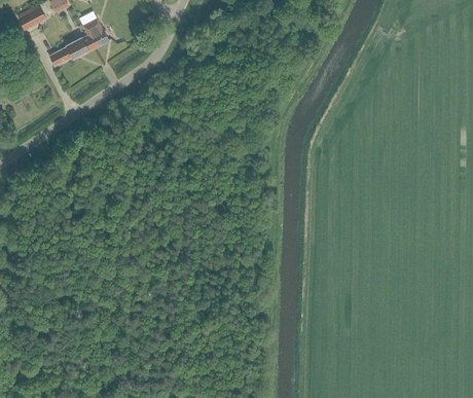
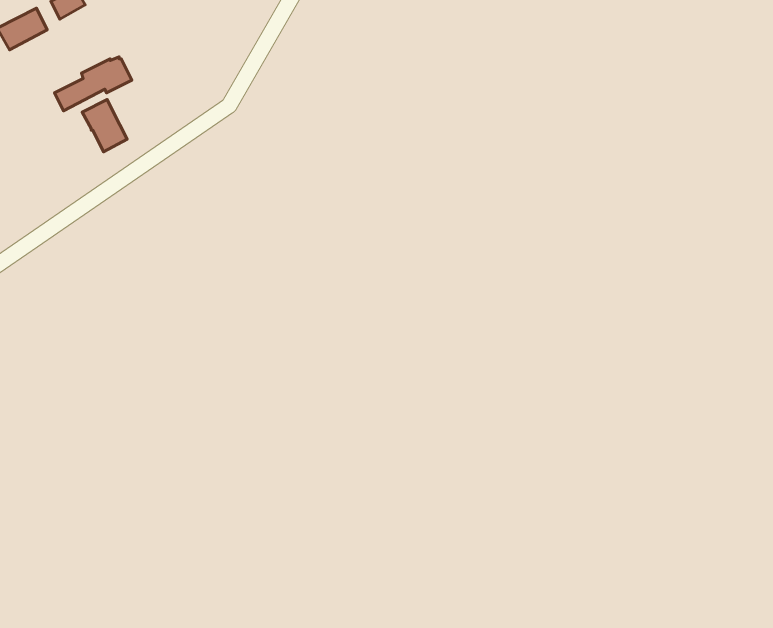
building: [81,17,107,47] -> [82,100,127,152]

